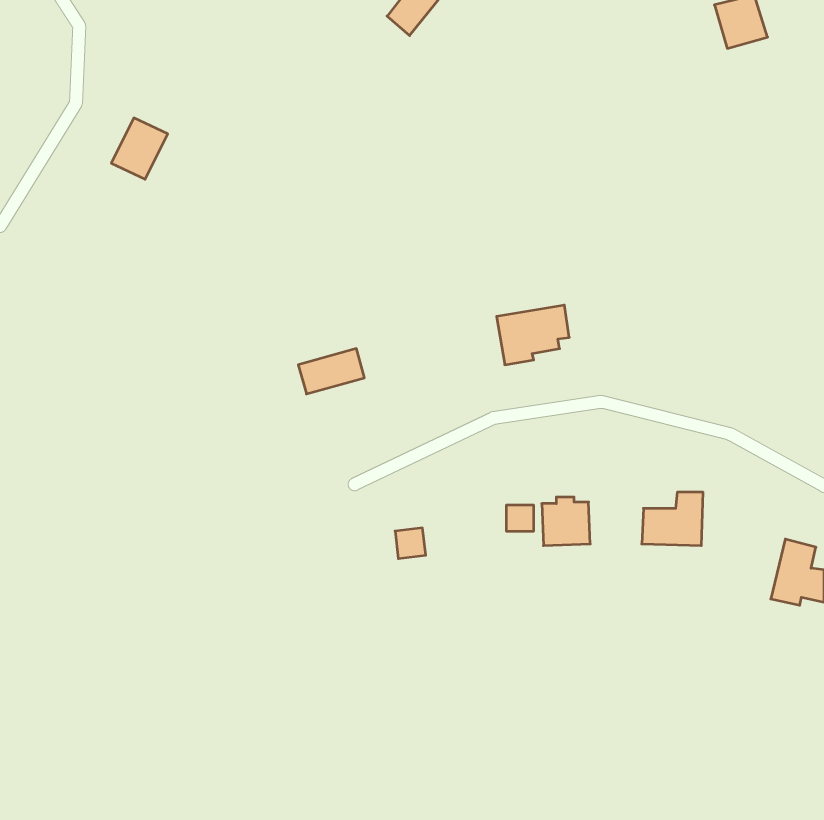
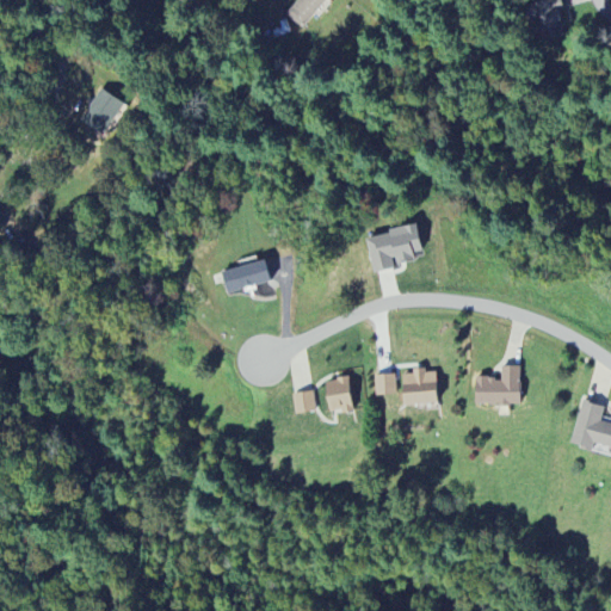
building: none -> [325,376,352,411]

